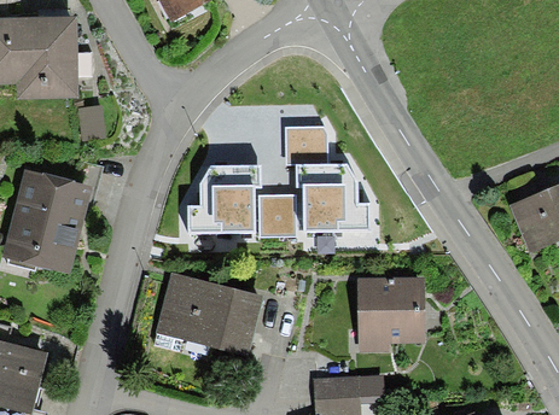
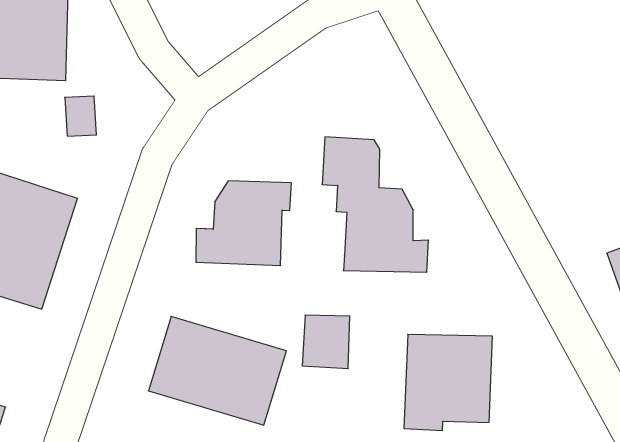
building: [260,194,296,235] -> [302,315,350,368]

